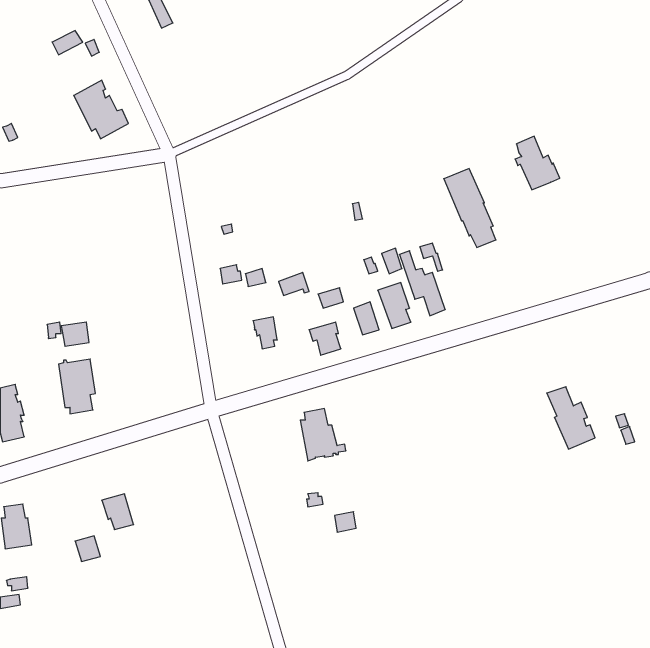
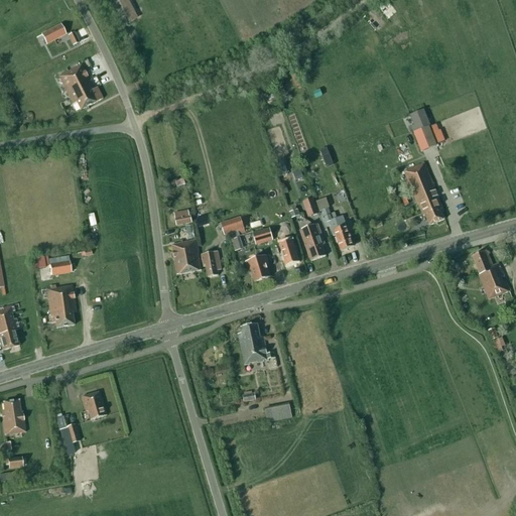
building: [444,169,496,247] -> [403,162,444,225]
building: none -> [171,239,202,274]
building: [547,387,595,449] -> [472,250,510,299]

